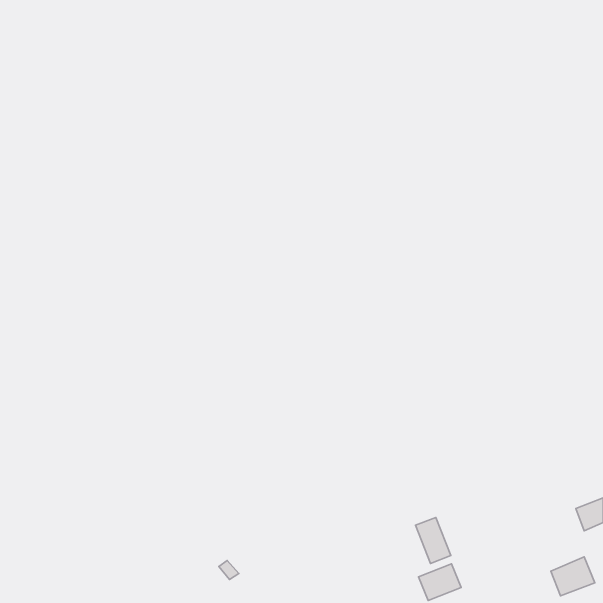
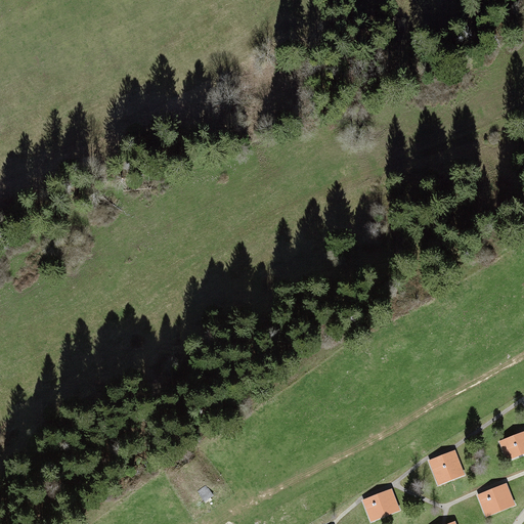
building: [415,517,451,563] -> none
building: none -> [428,449,464,484]

